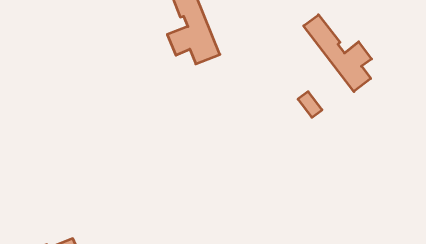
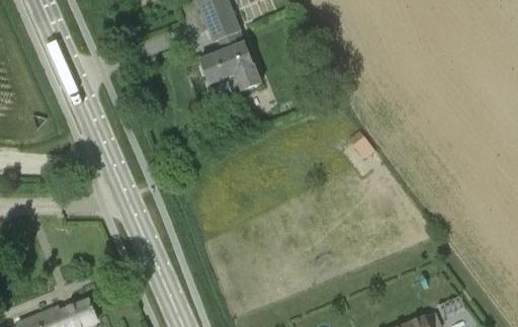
building: [304,15,372,92] -> none

